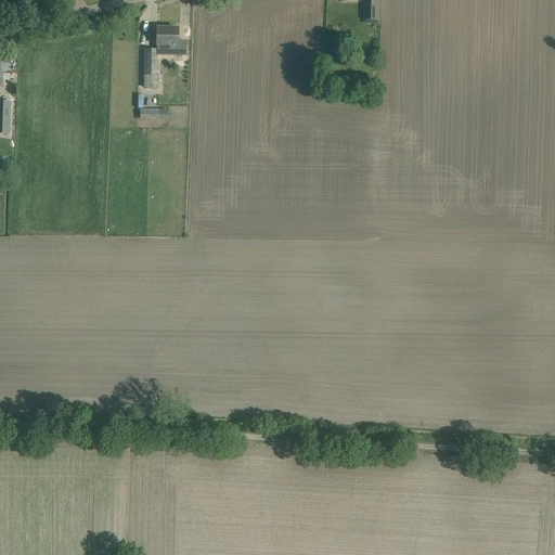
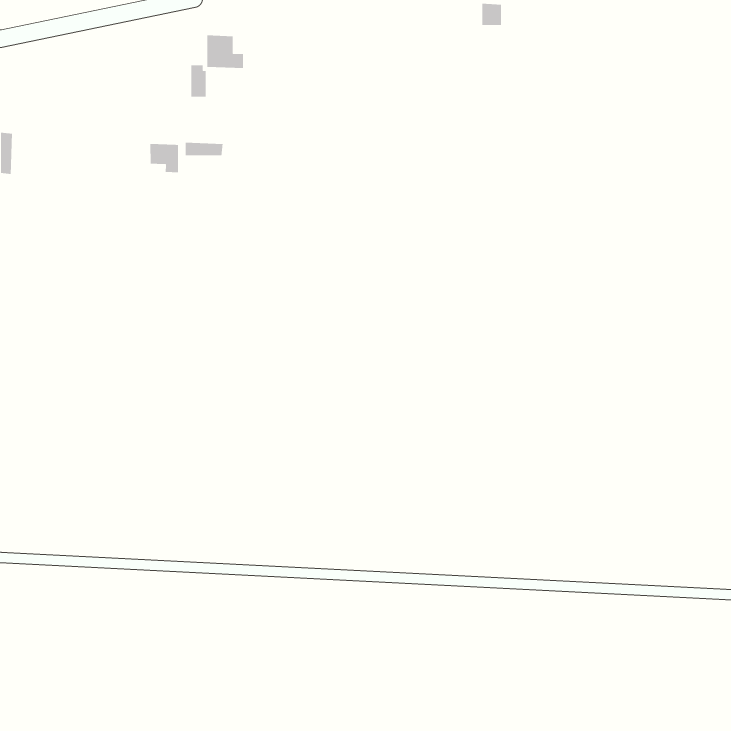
building: none -> [150,143,179,173]

